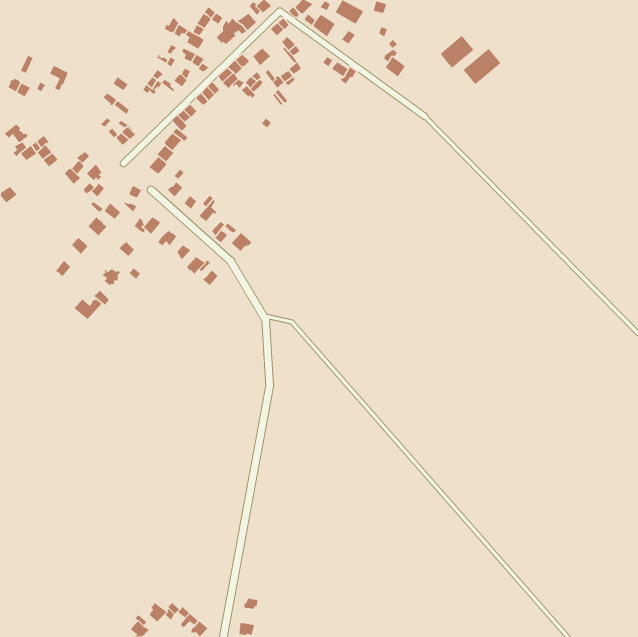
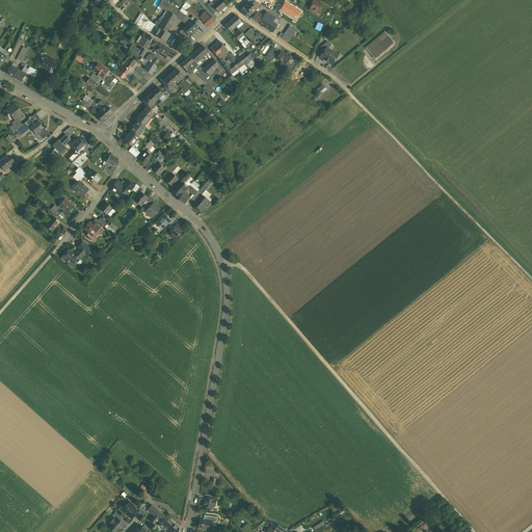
building: [462,48,502,85] -> none

